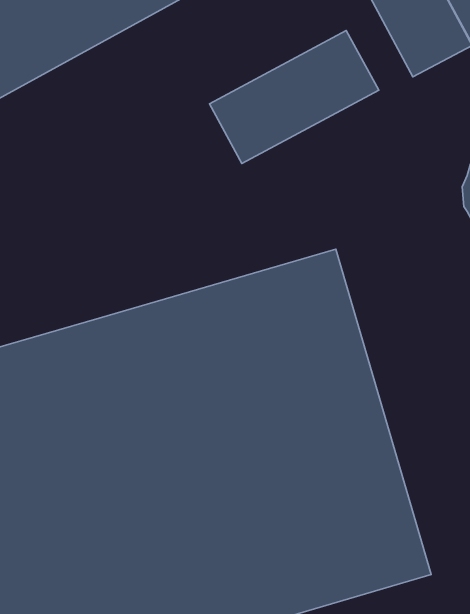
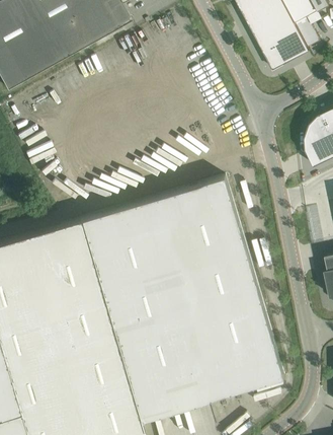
building: [209,31,379,163] -> none

